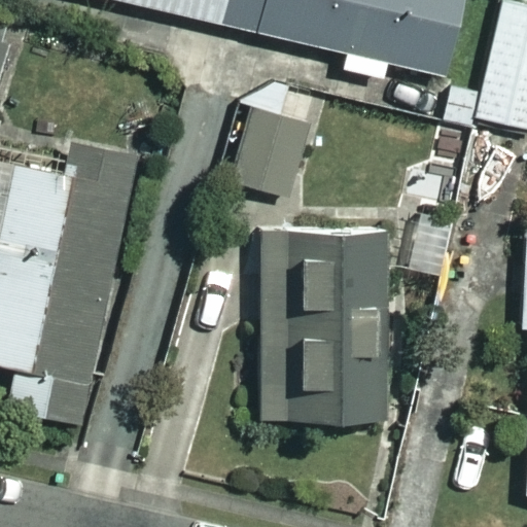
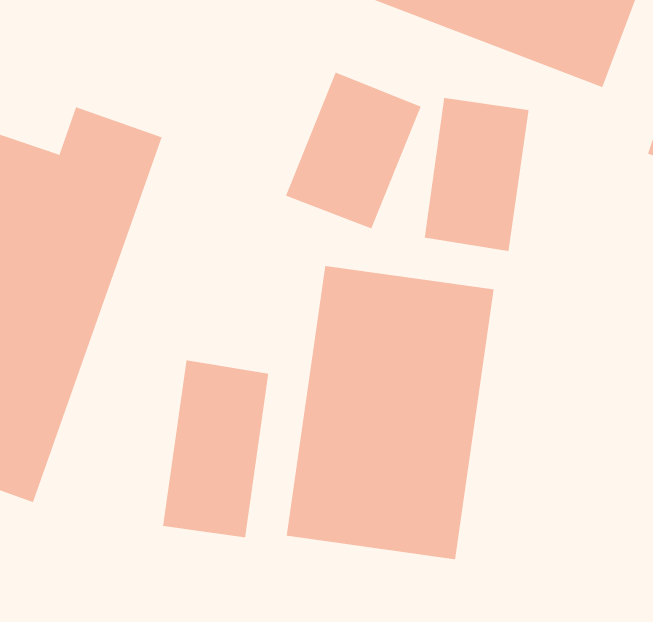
building: none -> [424,97,529,252]
building: none -> [162,360,269,538]

